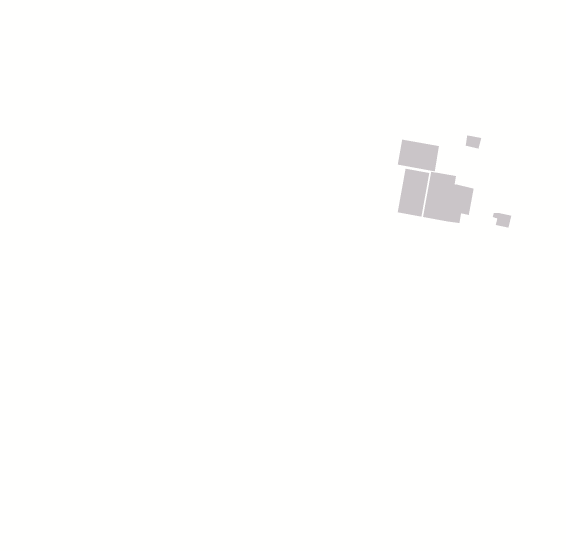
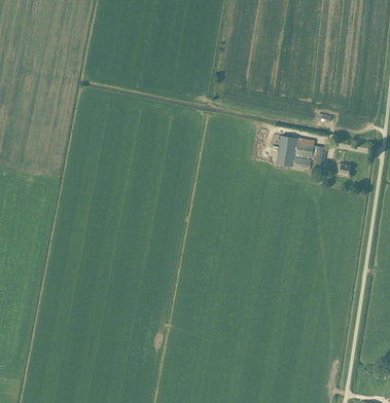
building: [397,139,440,172] -> none

